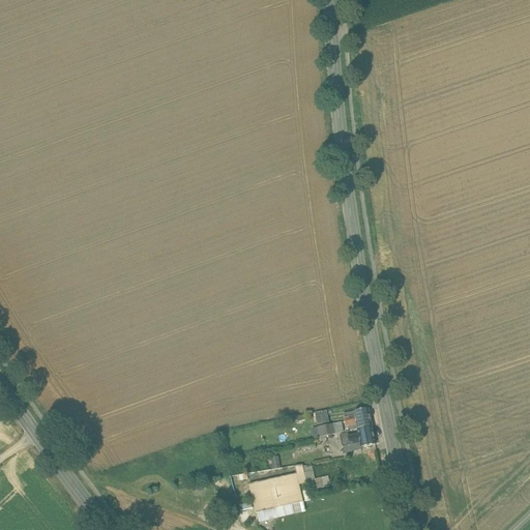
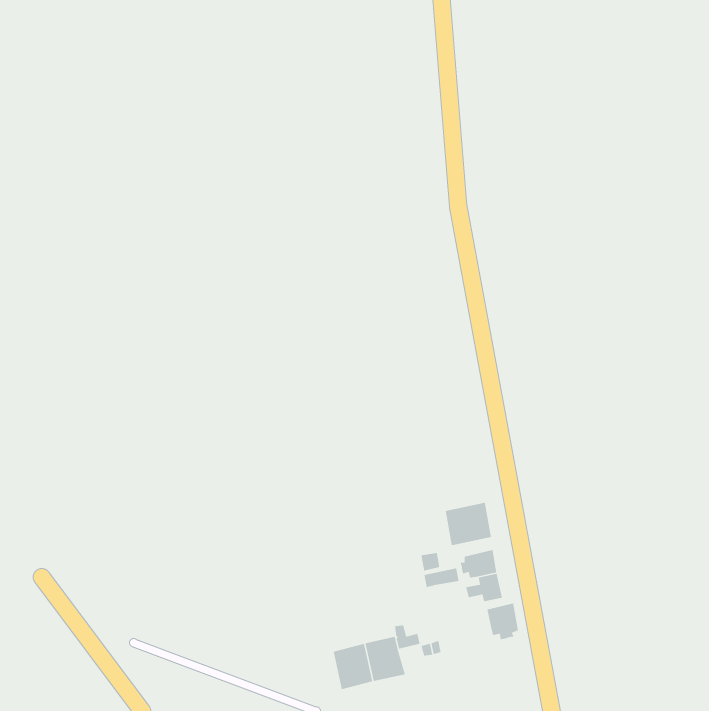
building: none -> [445,502,492,546]
building: none -> [486,602,519,640]

